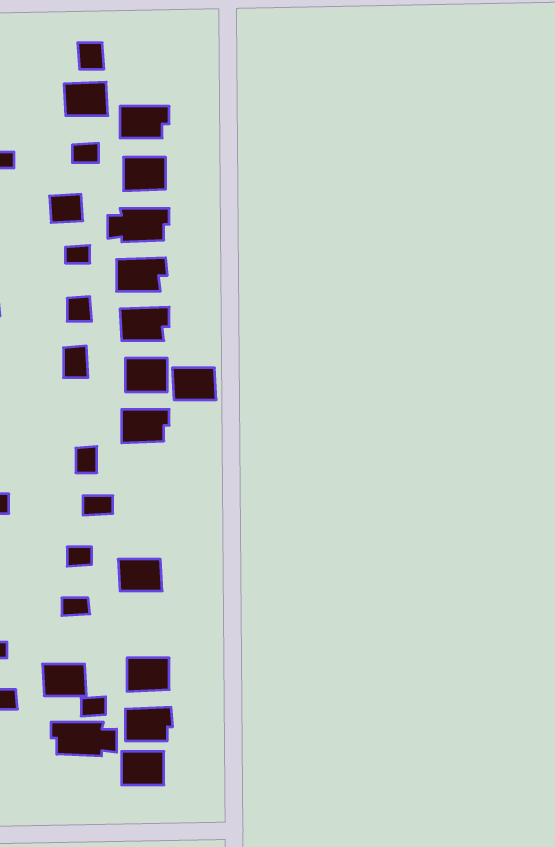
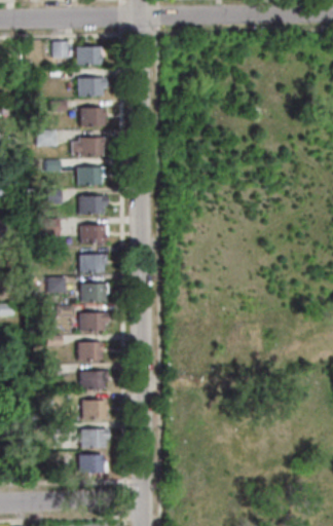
building: [64,82,108,116] -> [76,46,102,66]
building: [172,368,216,400] -> [80,284,106,302]
building: none -> [80,312,105,332]
building: [42,664,86,696] -> [79,371,105,389]
building: [51,722,117,756] -> none

